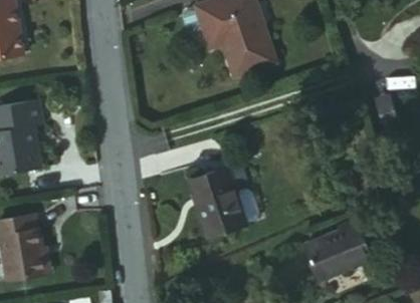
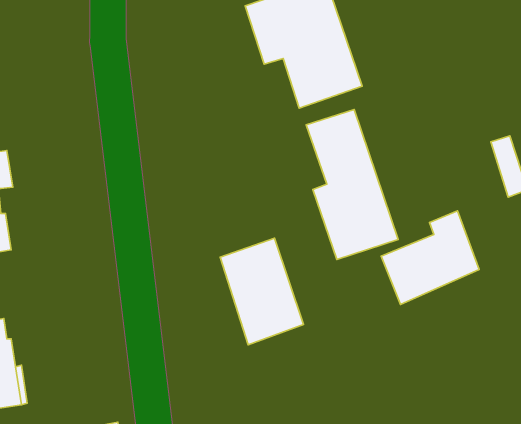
building: none -> [306,110,398,259]
building: [297,214,365,278] -> [381,211,479,304]

